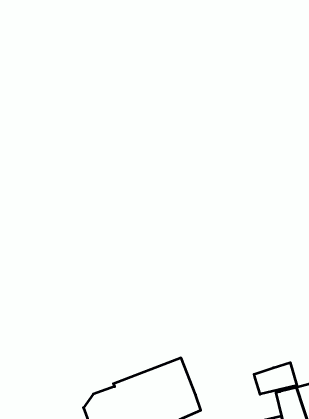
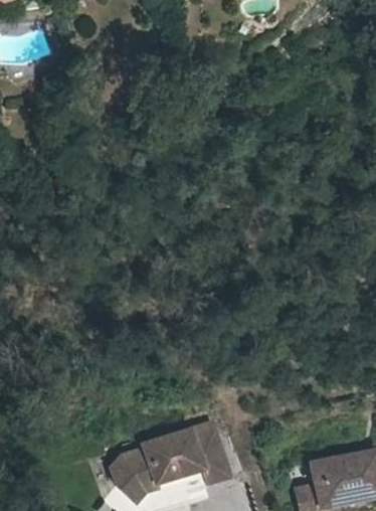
building: [254,363,297,394] -> none

